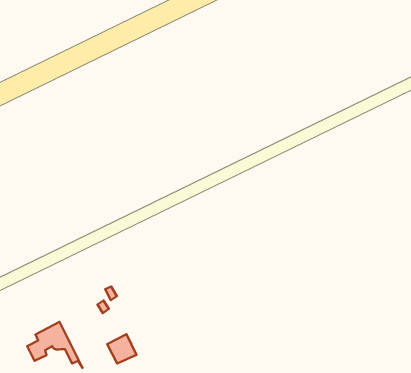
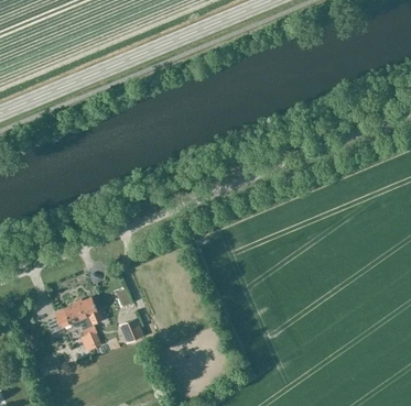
building: none -> [77,298,102,345]

